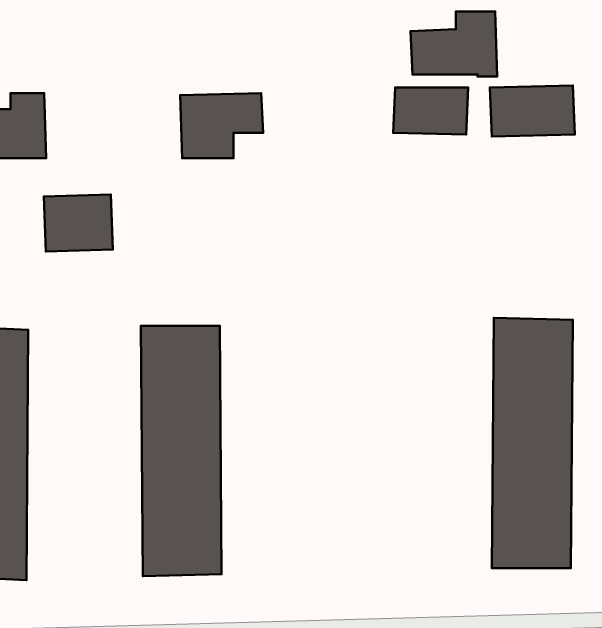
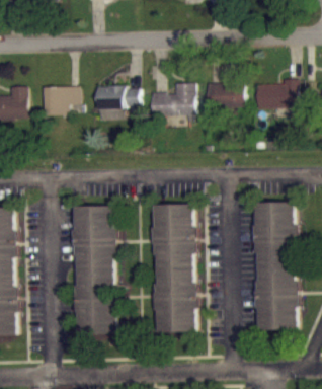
building: [410,11,497,76] -> [149,83,193,116]
building: [44,194,113,252] -> [42,86,77,115]
building: none -> [154,204,195,332]

